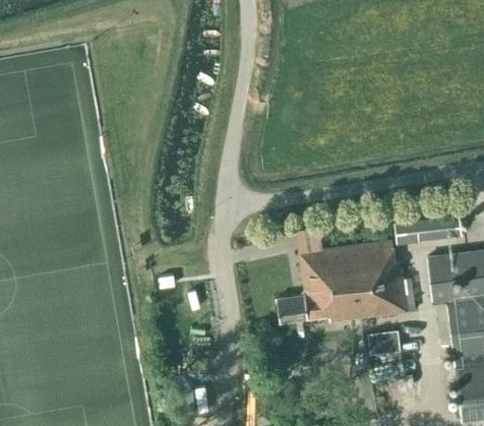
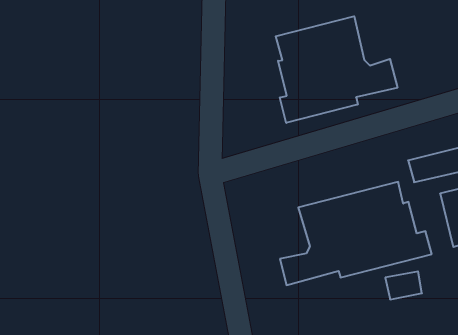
building: none -> [276,16,397,123]

